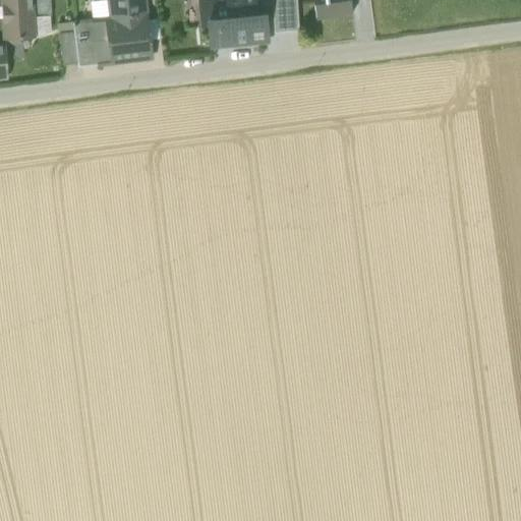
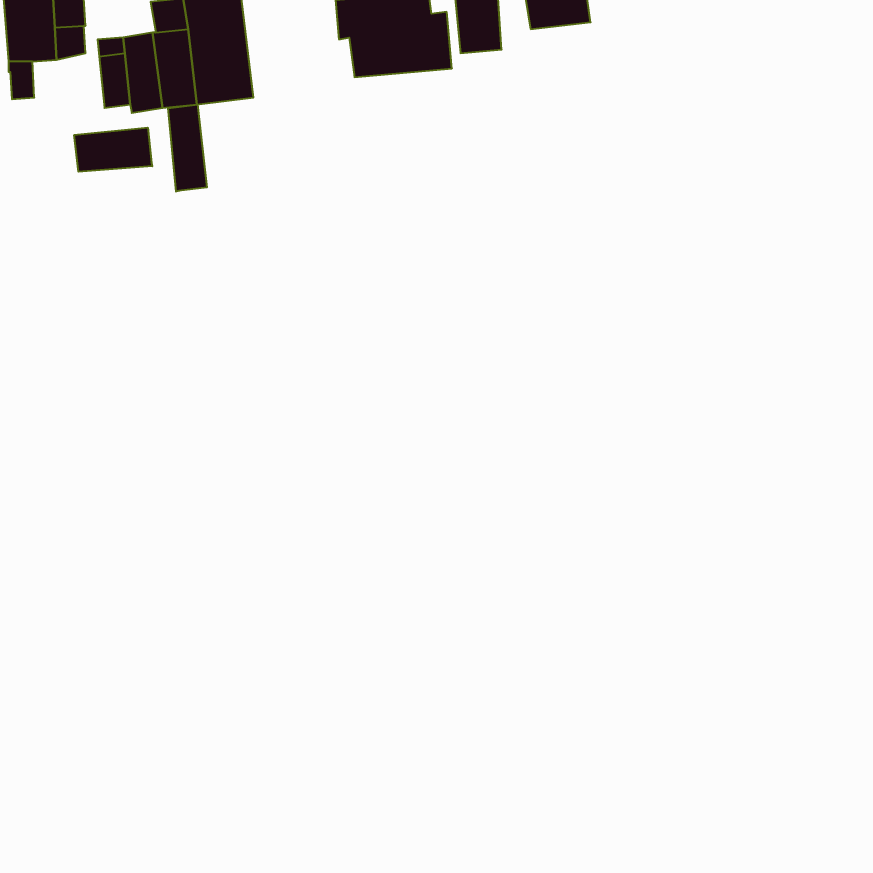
building: none -> [168,104,207,192]
building: none -> [74,128,152,172]

